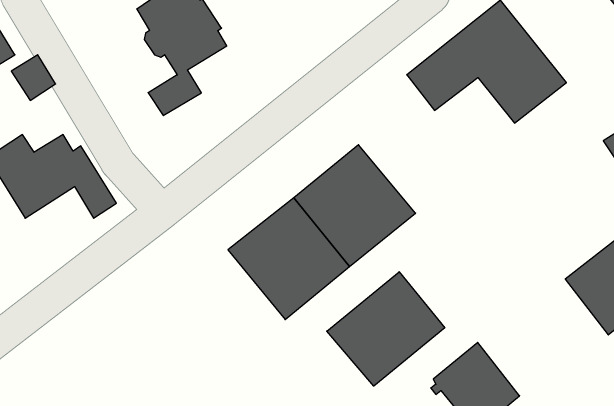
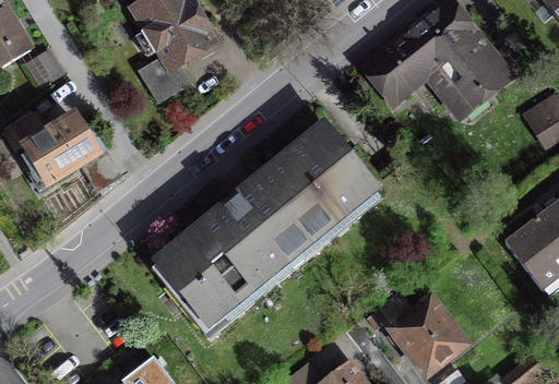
building: none -> [158,217,263,321]
building: [327,272,445,386] -> none

